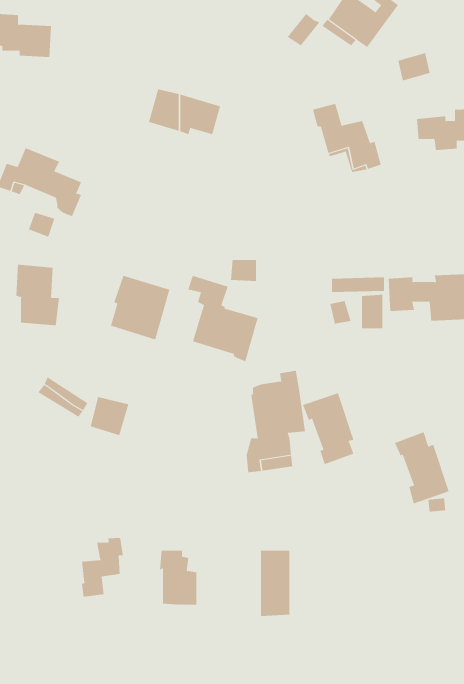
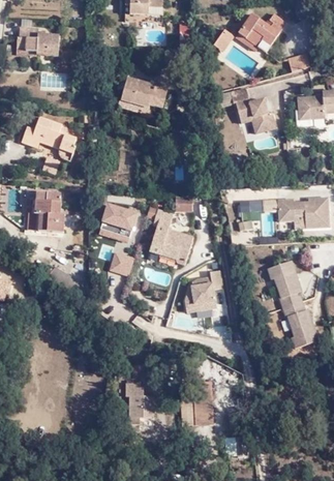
building: [302,392,354,465] -> [268,262,302,309]
building: [90,396,129,436] -> [109,251,134,277]
building: [81,537,123,597] -> none

